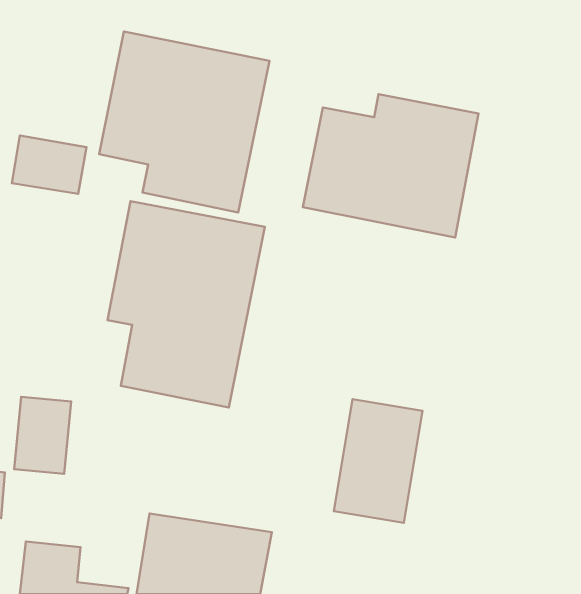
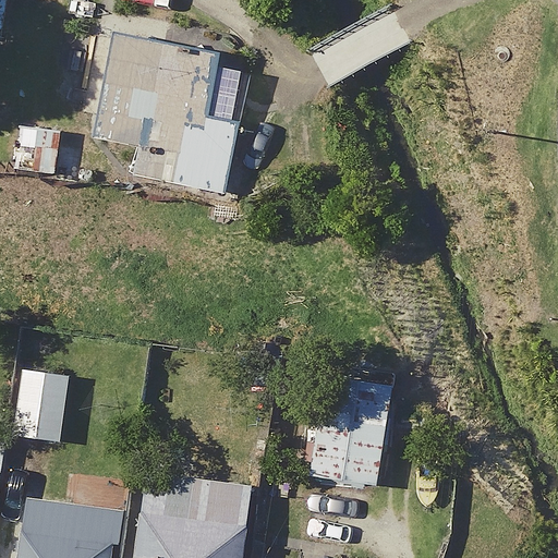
building: [303,94,479,237] -> none
building: [107,201,265,407] -> none

